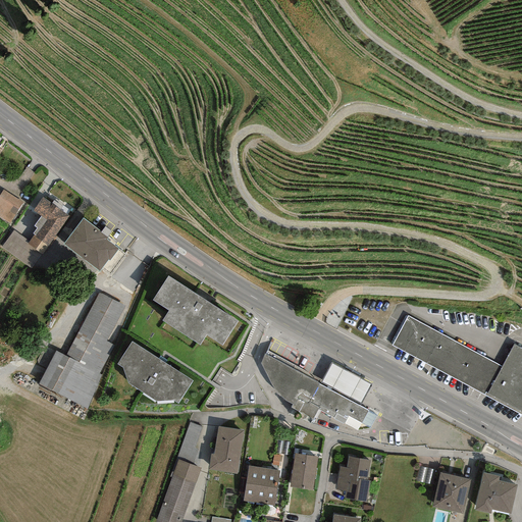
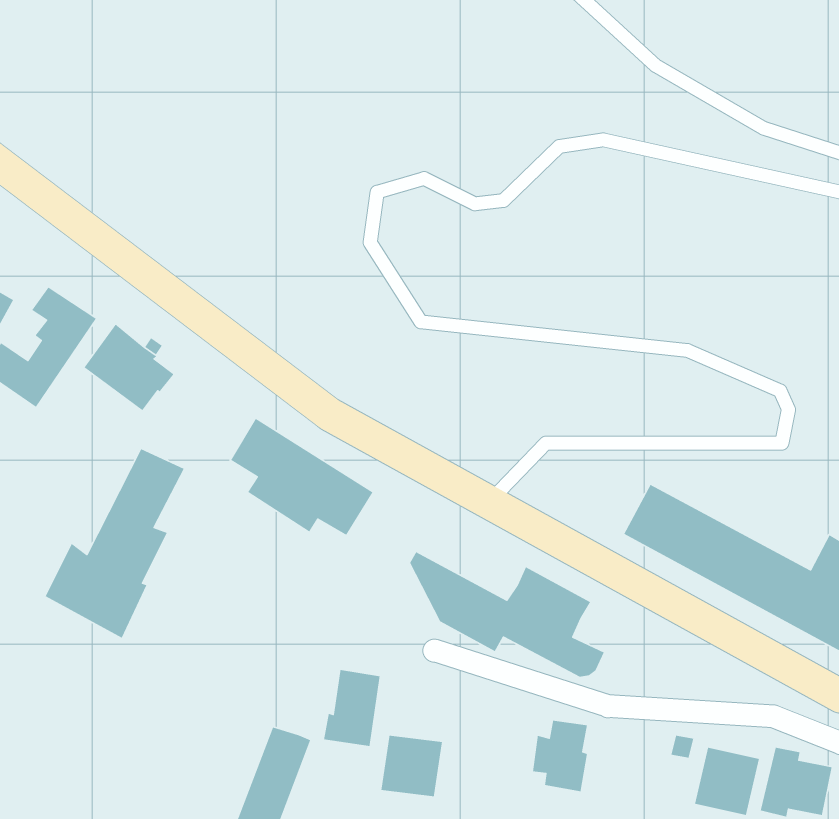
building: [116,341,192,402] -> none
building: [177,421,202,465] -> none
building: [289,452,318,489] -> none

